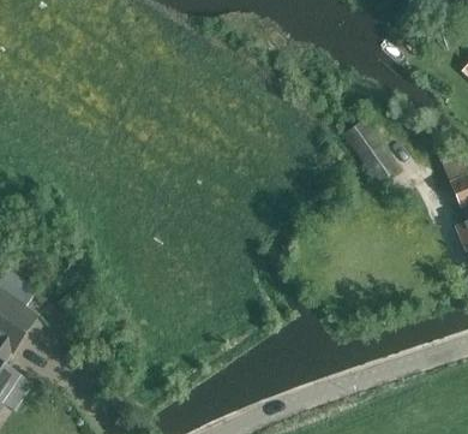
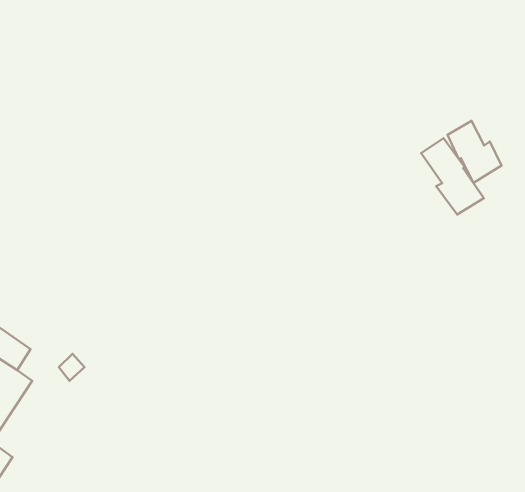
building: none -> [447,121,501,183]

